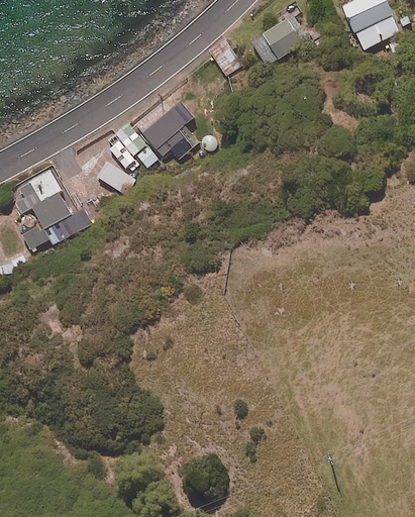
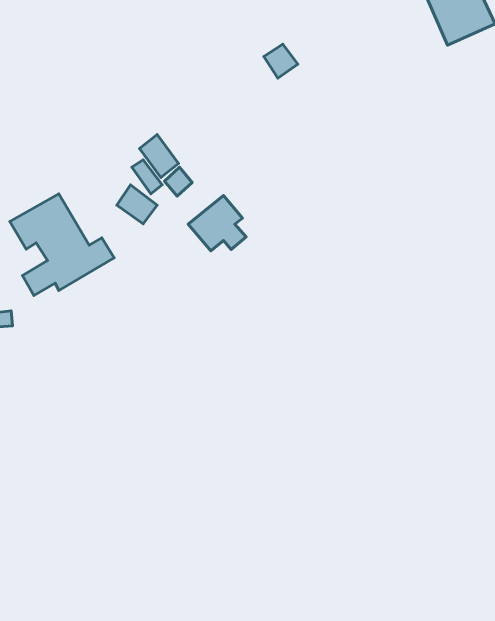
building: [251,17,305,65] -> none
building: [142,111,189,156] -> [188,195,246,251]

